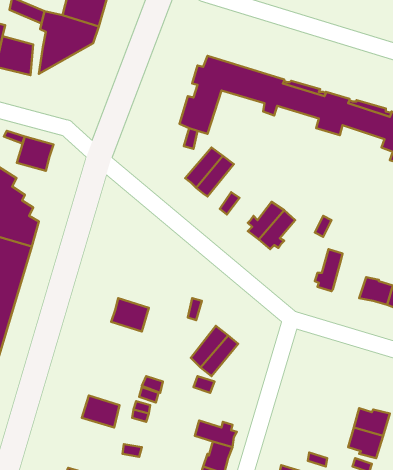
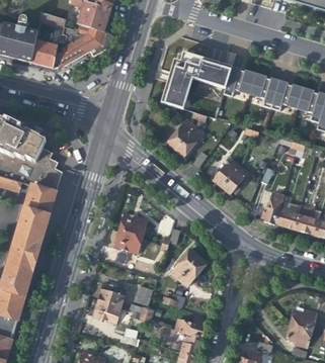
building: [17,136,54,171] -> none
building: none -> [274,200,301,229]
building: none -> [118,212,146,236]
building: none -> [97,282,125,306]

